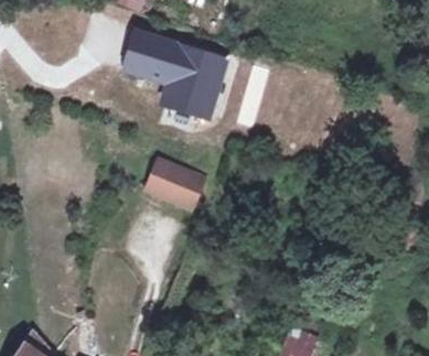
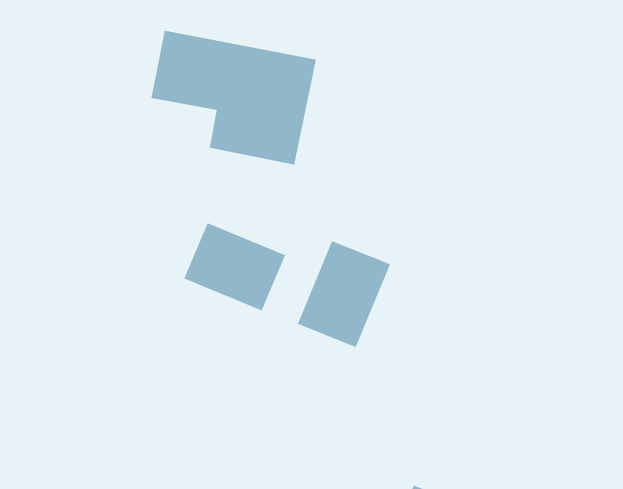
building: none -> [297,240,391,348]

